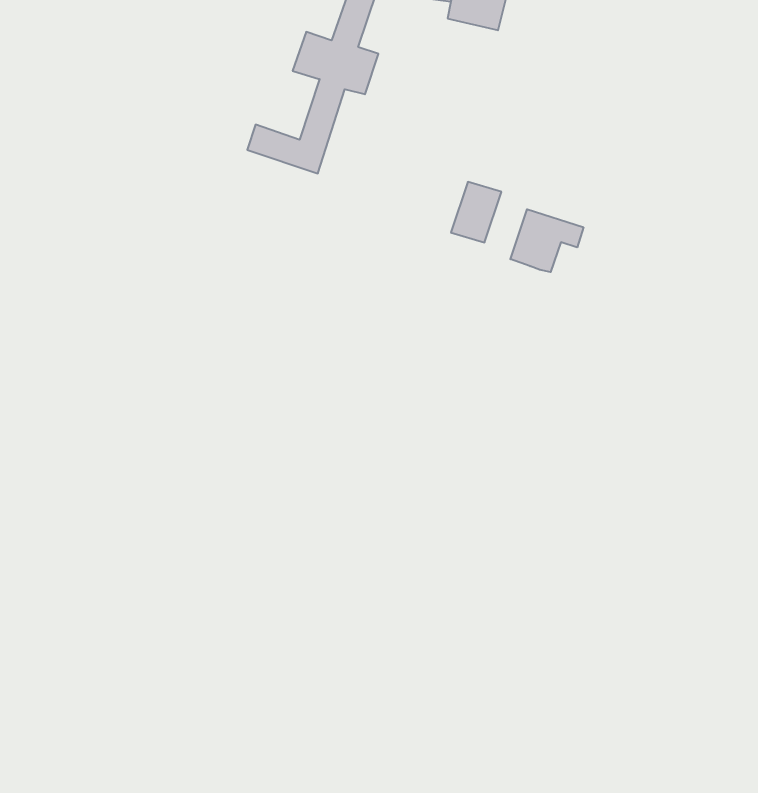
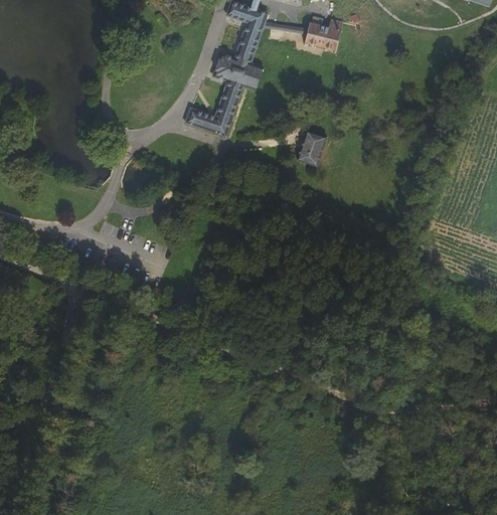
building: [510,209,583,272] -> none

